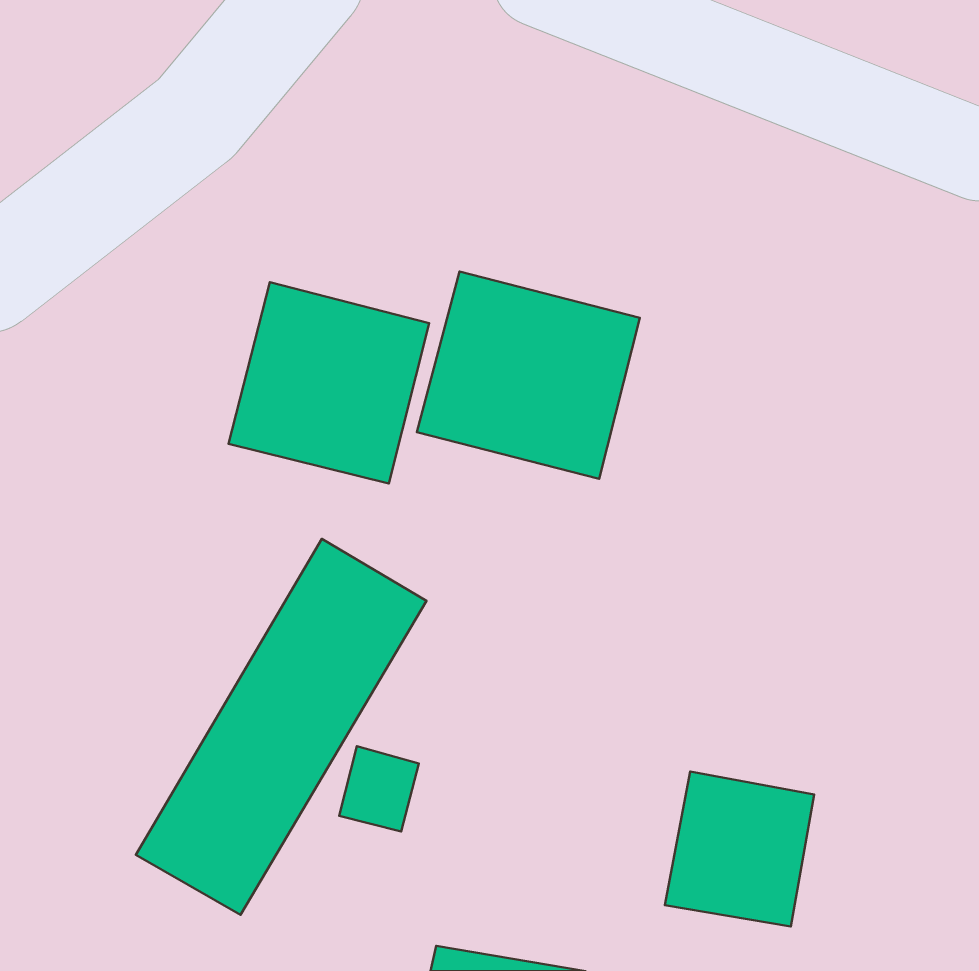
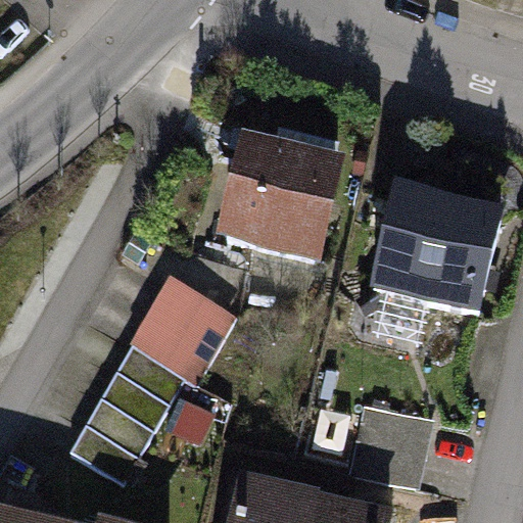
building: [228,282,429,483] -> none
building: none -> [380,198,496,316]

